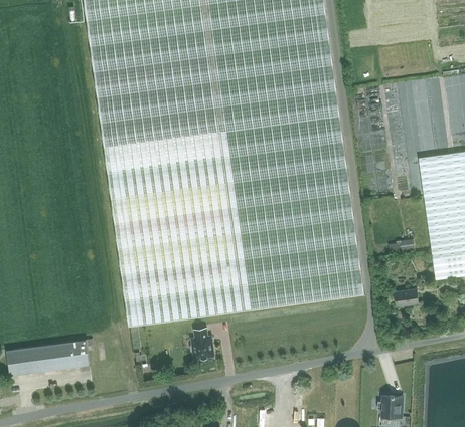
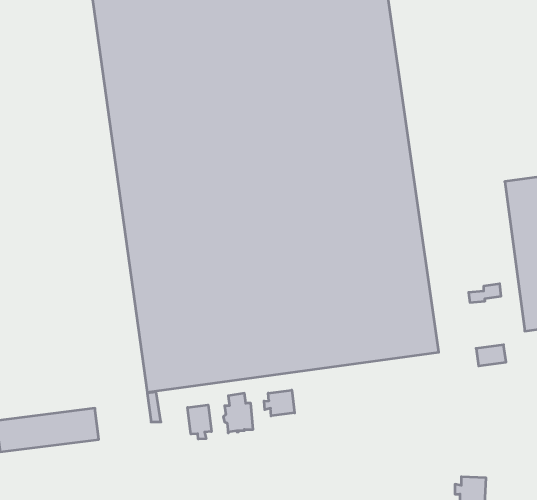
building: none -> [264,390,295,416]
building: none -> [188,405,211,439]

